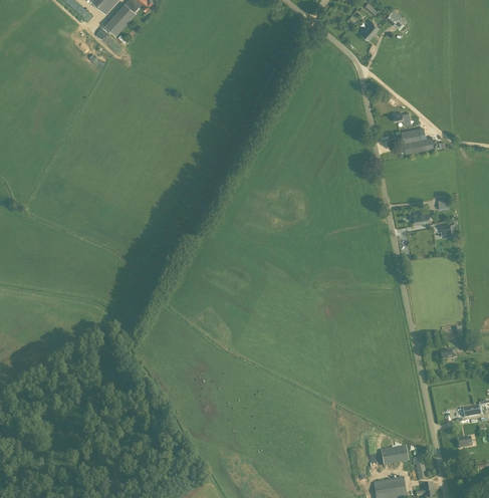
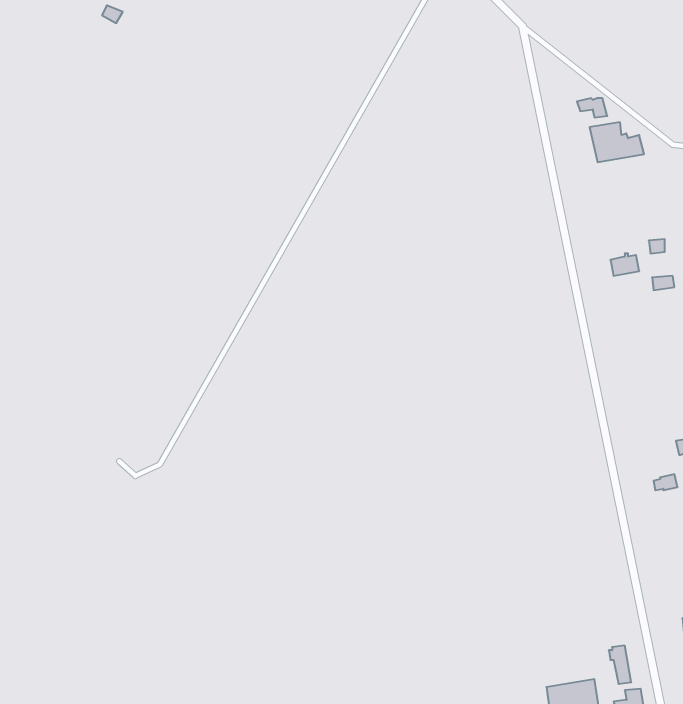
building: [381,446,408,465] -> none

